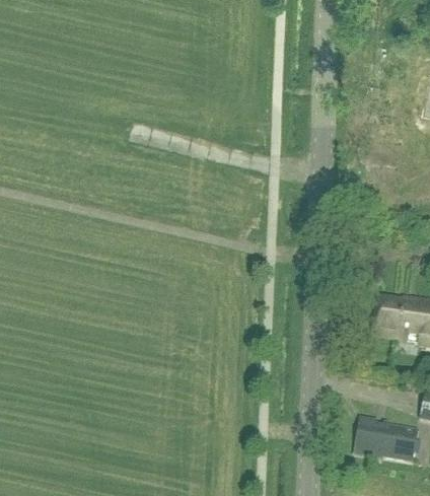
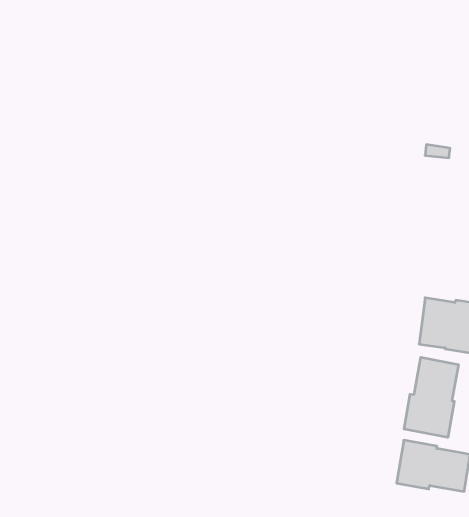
building: none -> [404,357,458,437]

